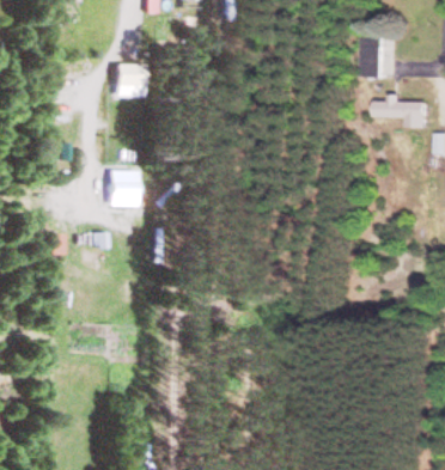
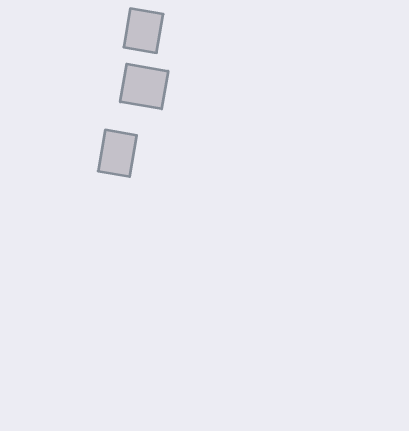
building: none -> [120,64,168,109]

